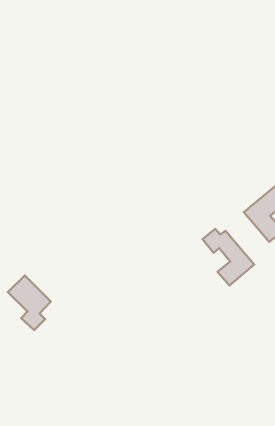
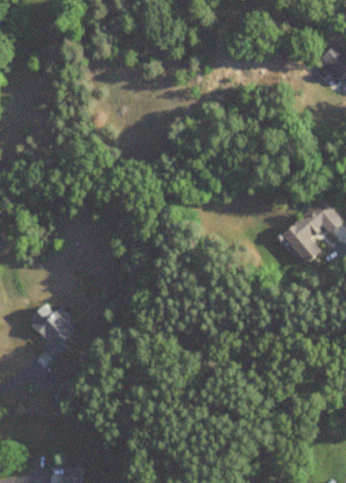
building: [202,229,254,286] -> none

